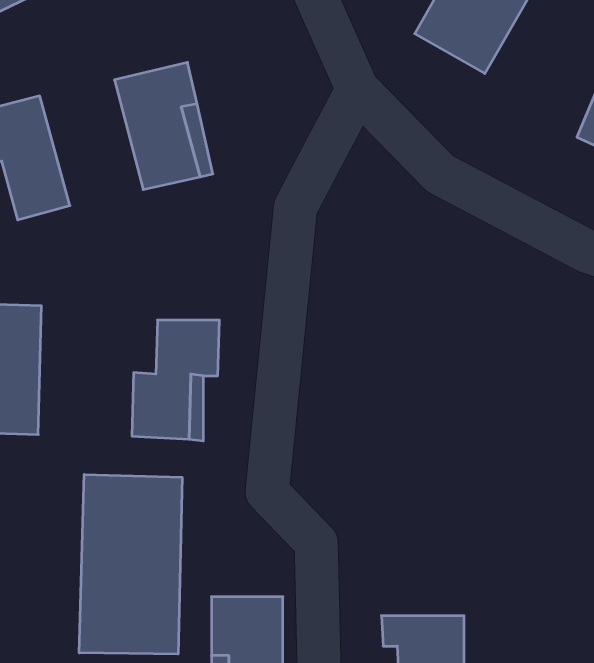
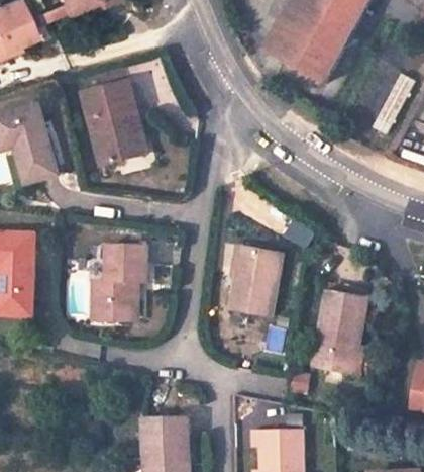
building: none -> [228,247,283,317]
building: none -> [314,289,372,374]
building: [79,474,182,654] -> none

